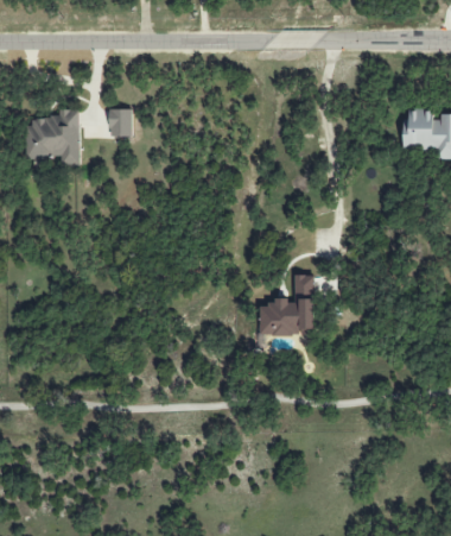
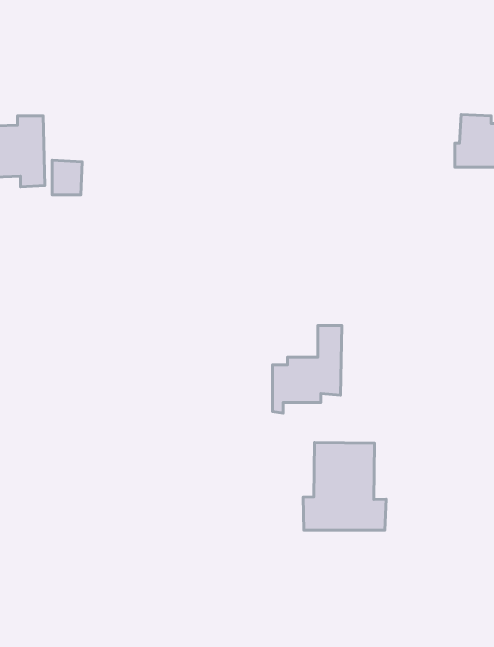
building: [109,108,133,135] -> [52,160,82,195]
building: none -> [303,443,386,530]

